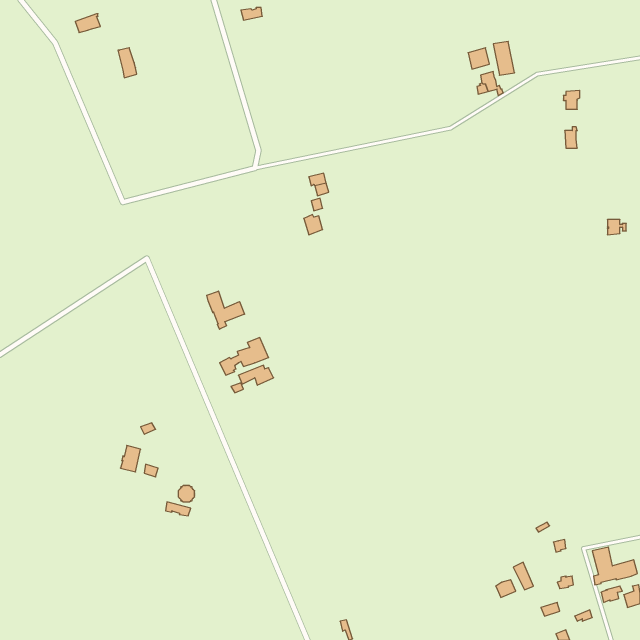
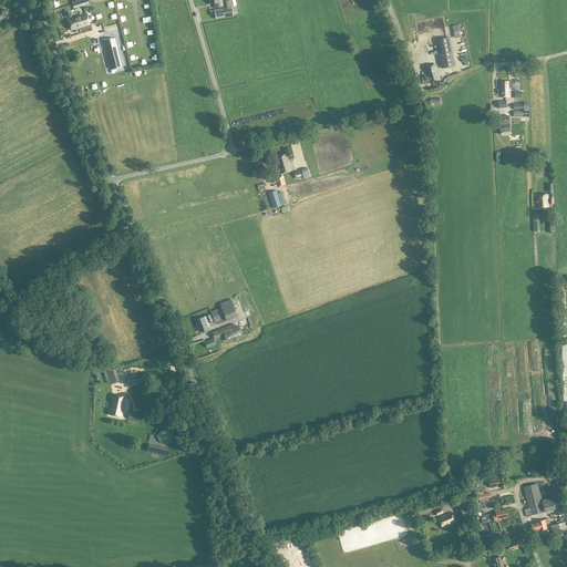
building: [207,291,245,329] -> none

